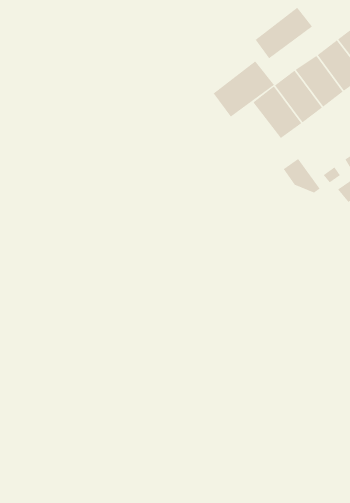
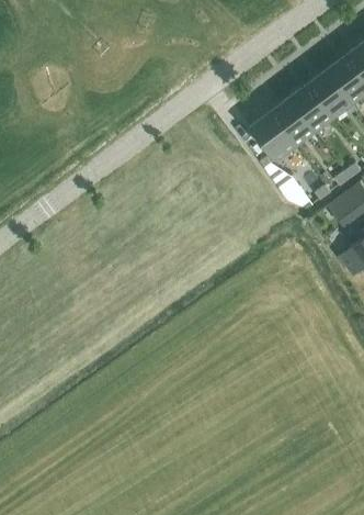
building: [255,7,313,59] -> none
building: [213,60,275,118] -> none

